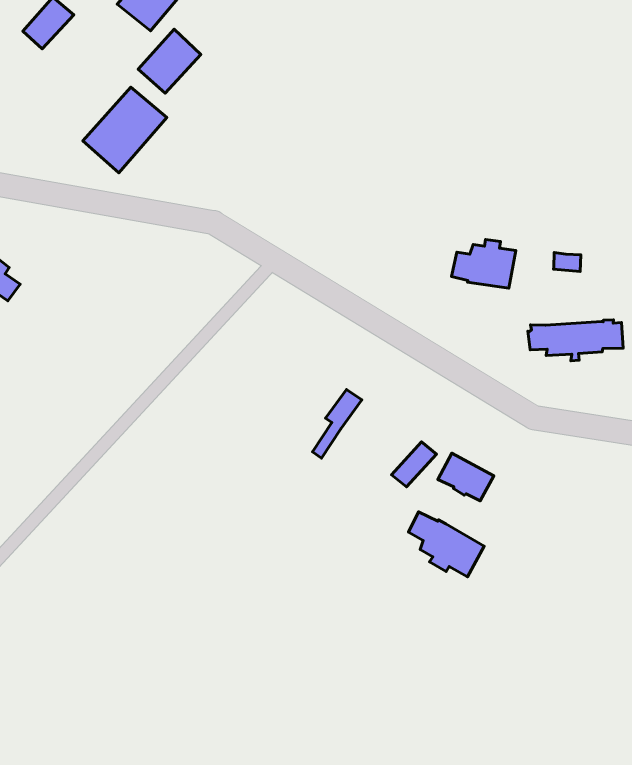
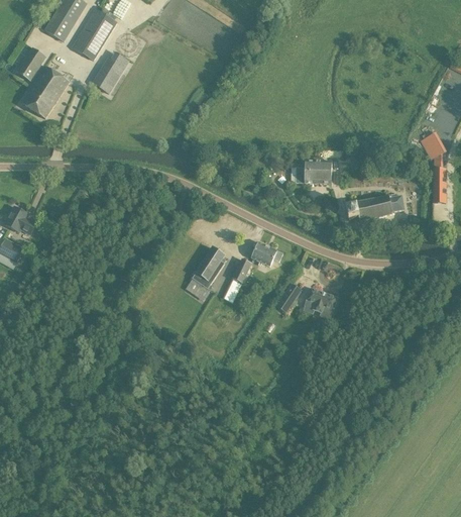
building: [83,87,167,173] -> [21,66,70,118]
building: none -> [192,247,225,289]
building: none -> [251,241,282,267]
building: [408,512,484,577] -> none

